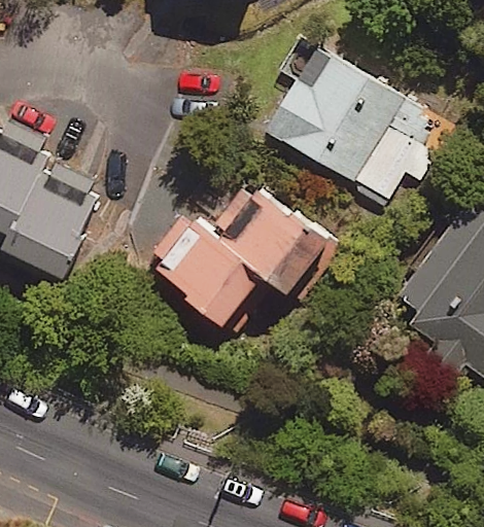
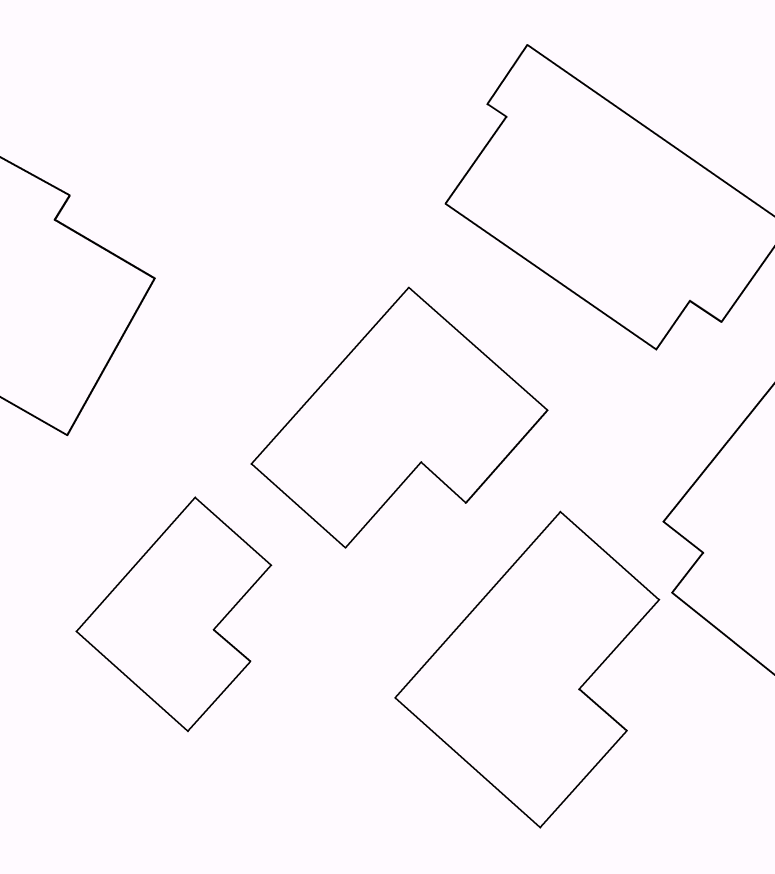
building: none -> [395,512,659,828]
building: none -> [76,497,271,731]

